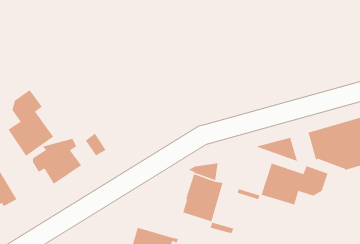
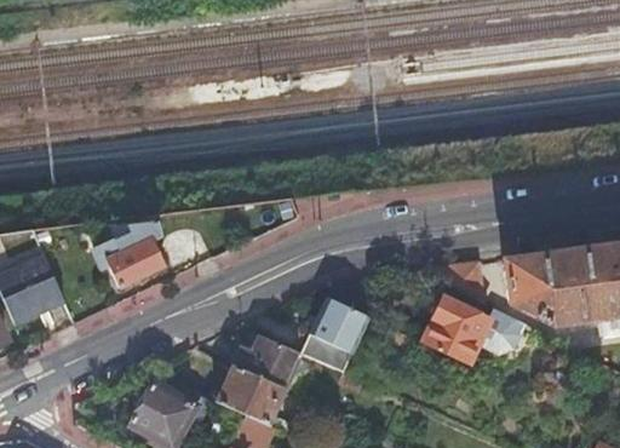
building: [8,89,54,157] -> none
building: none -> [234,337,302,389]

